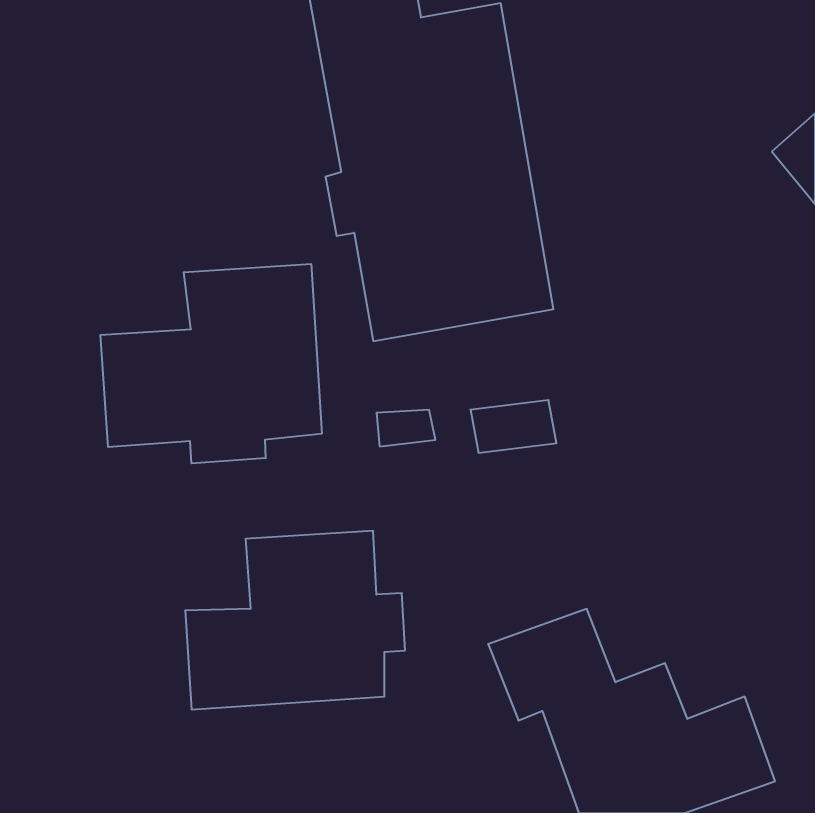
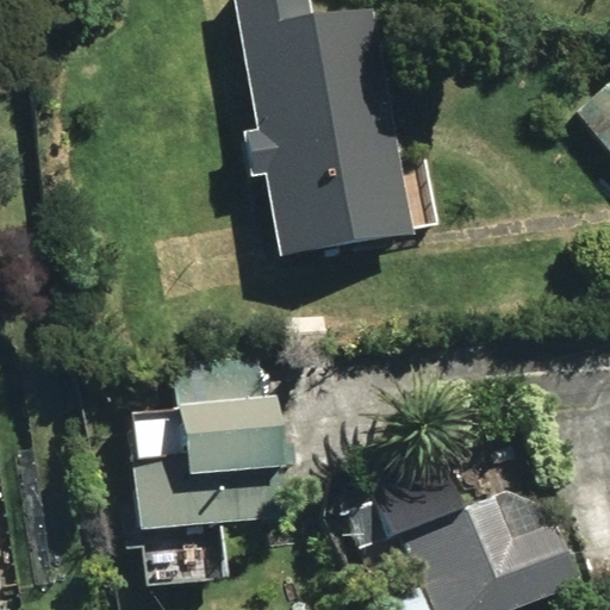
building: [101,264,322,463] -> none

